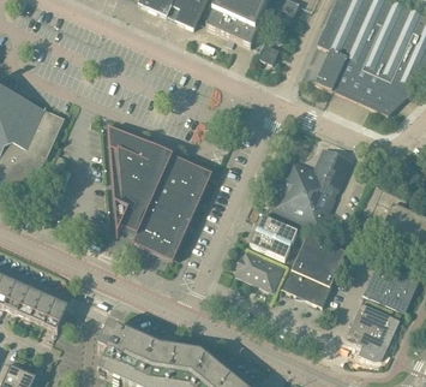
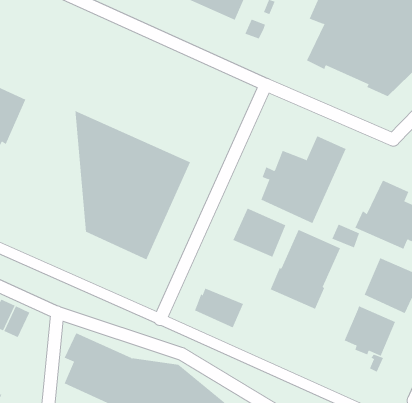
building: [238,250,282,286] -> [194,288,244,328]

